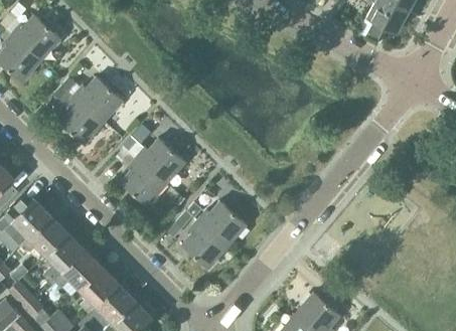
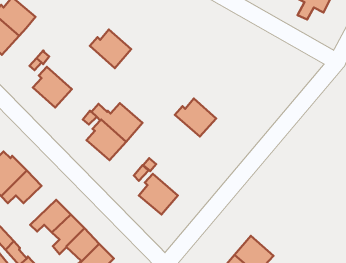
building: [73,76,122,122] -> [90,29,131,68]
building: [197,201,246,245] -> [175,99,216,137]
building: [43,234,85,283] -> none

